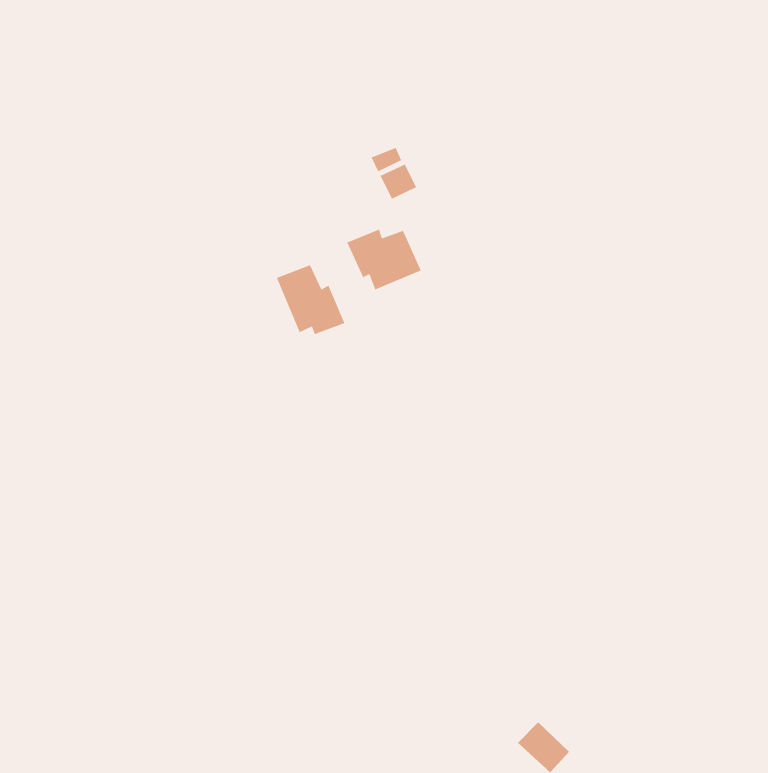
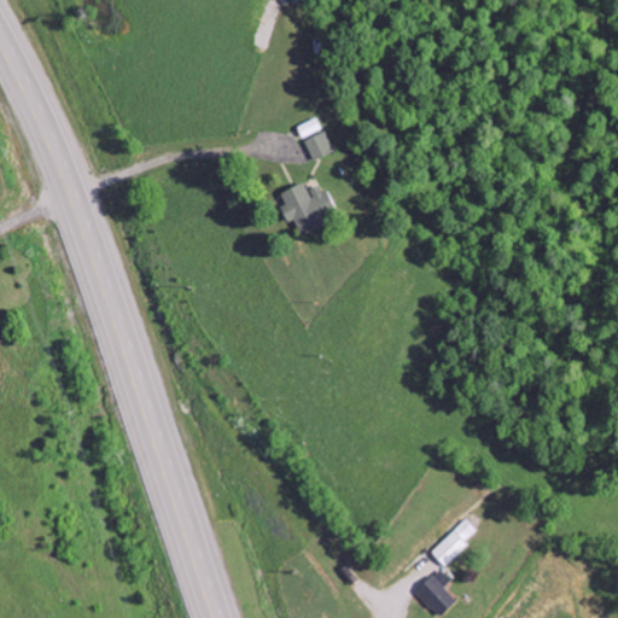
building: [276,264,345,335] -> none
building: none -> [430,519,477,565]

